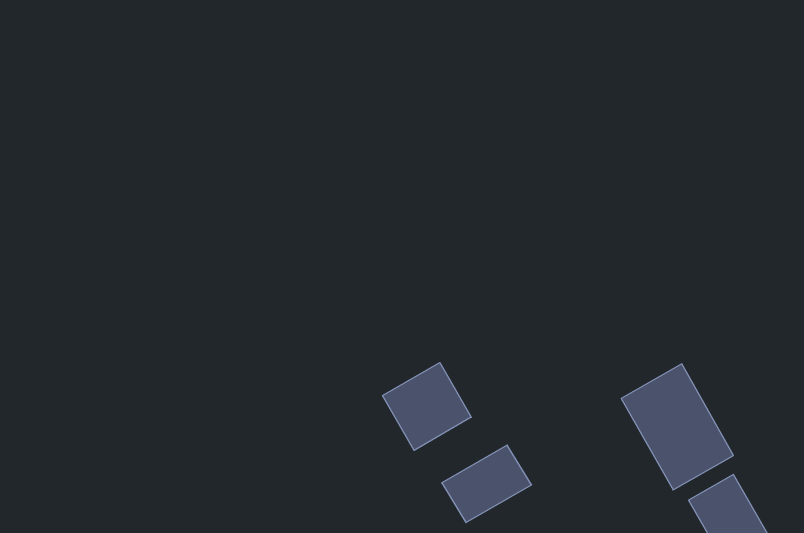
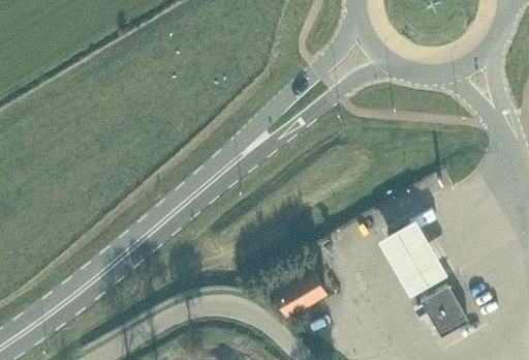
building: [383,363,471,450] -> none

